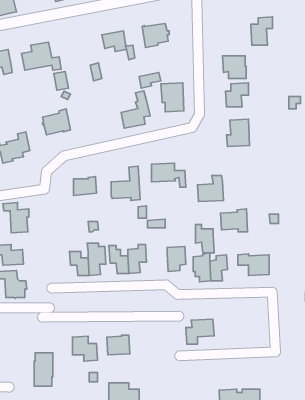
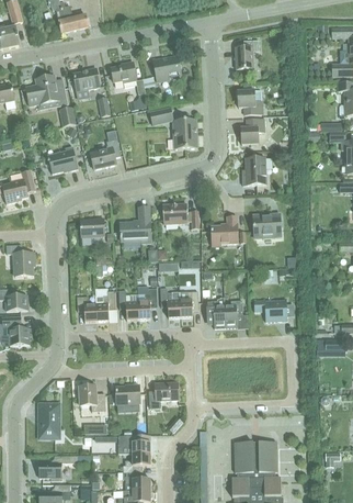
building: [251,17,273,45] -> [235,40,258,69]
building: none -> [72,67,99,91]
building: [121,91,150,128] -> [90,130,121,169]
building: [220,209,247,232] -> [252,213,281,237]
building: [195,225,214,253] -> [160,288,180,317]
building: [186,319,214,344] -> [148,382,178,409]

